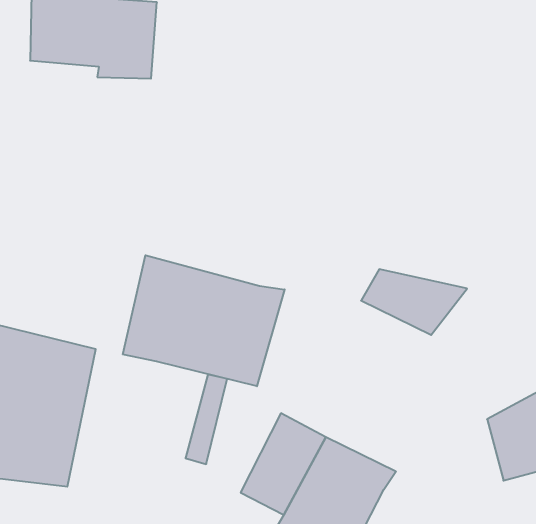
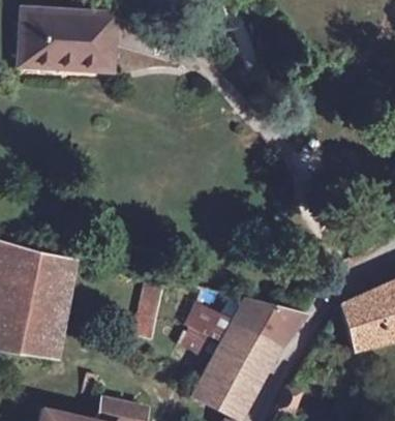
building: [123,255,285,386] -> none
building: [361,269,467,335] -> [232,299,305,344]

